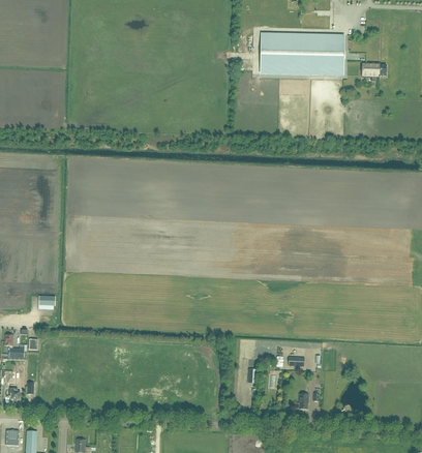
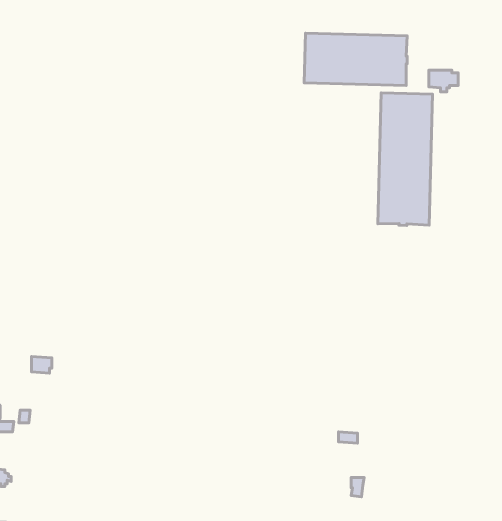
building: none -> [378,93,433,226]

